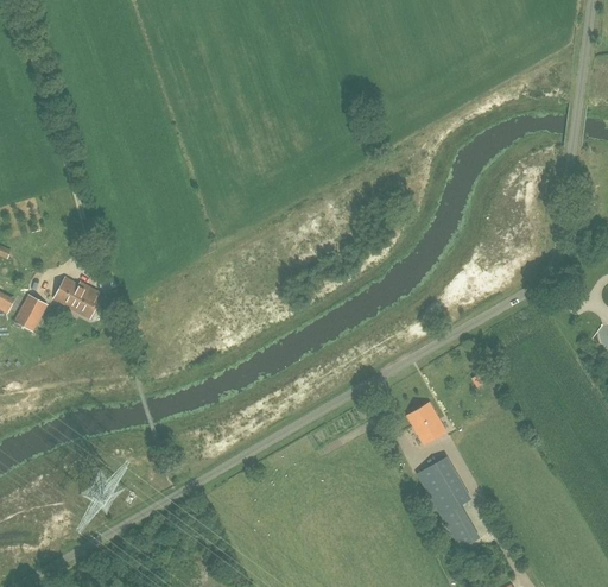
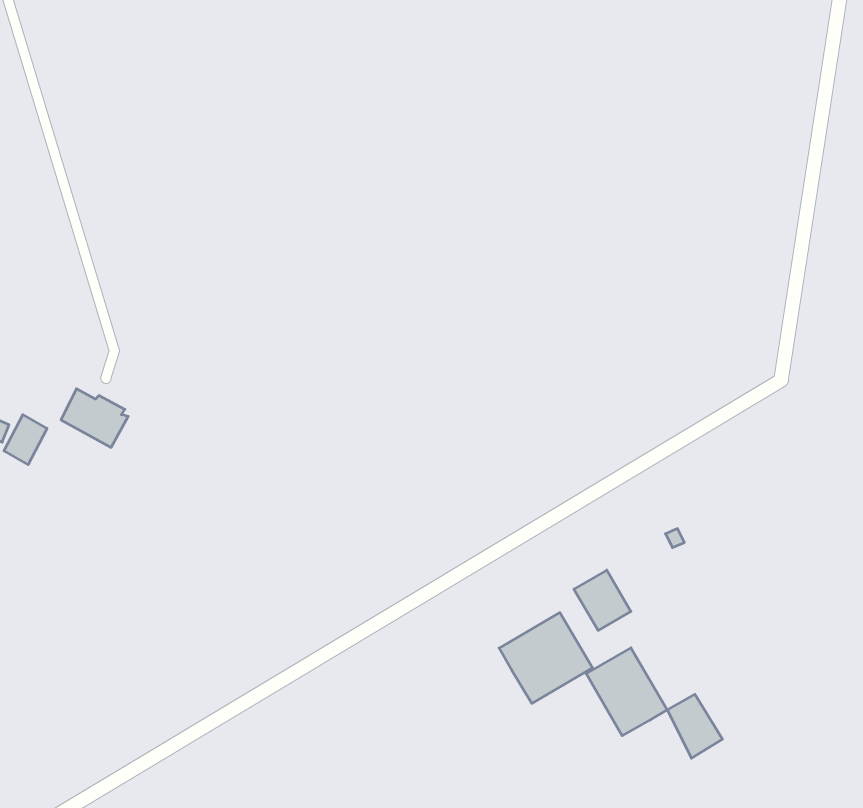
building: none -> [499,613,593,703]
building: [441,506,479,550] -> [667,694,722,758]

